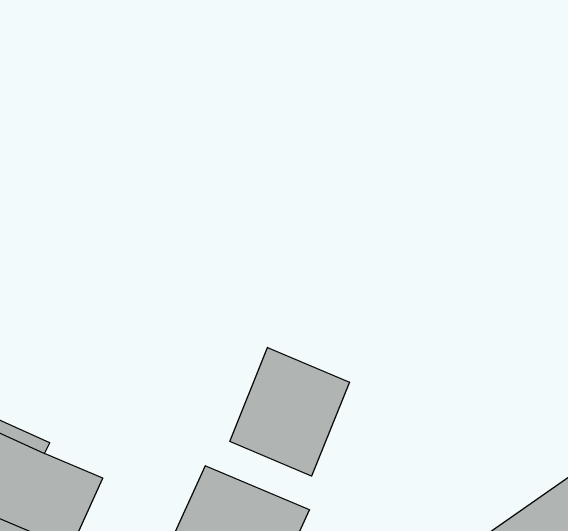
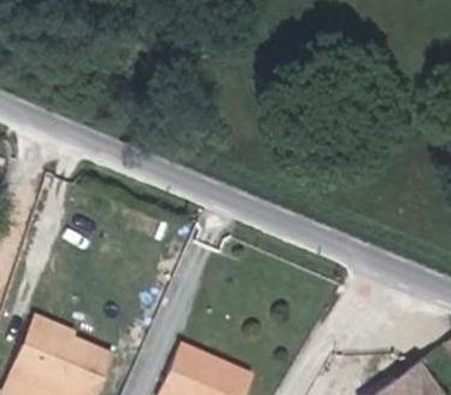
building: [230,347,349,476] -> none

